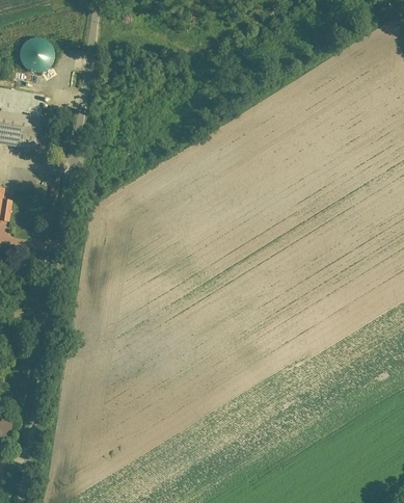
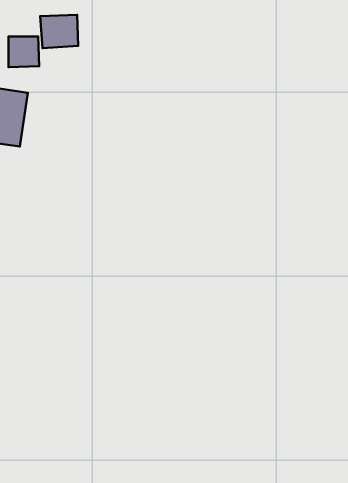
building: none -> [40,15,78,48]

